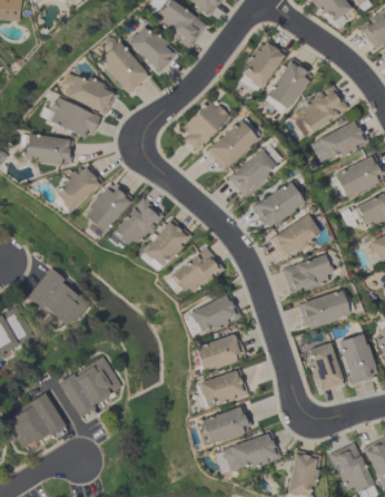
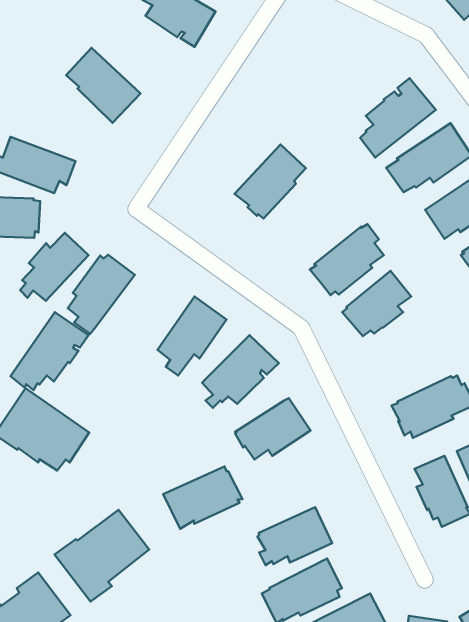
building: [129,27,179,71] -> none
building: [241,39,287,91] -> none
building: [265,58,313,113] -> none
building: [66,72,116,115] -> none
building: [182,100,229,149] -> none
building: [228,148,276,197] -> none
building: [108,197,164,248] -> [11,312,88,390]
building: [283,254,333,296] -> none
building: [195,332,248,371] -> [163,466,243,529]

